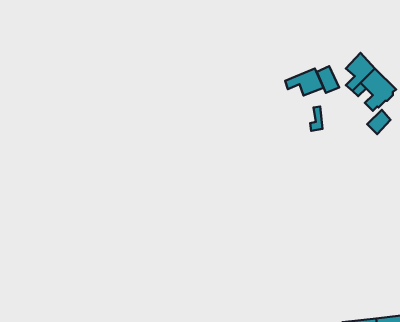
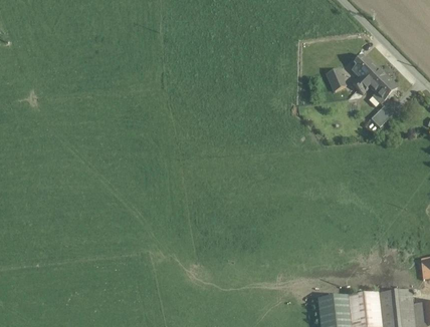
building: [285,69,324,95] -> none

